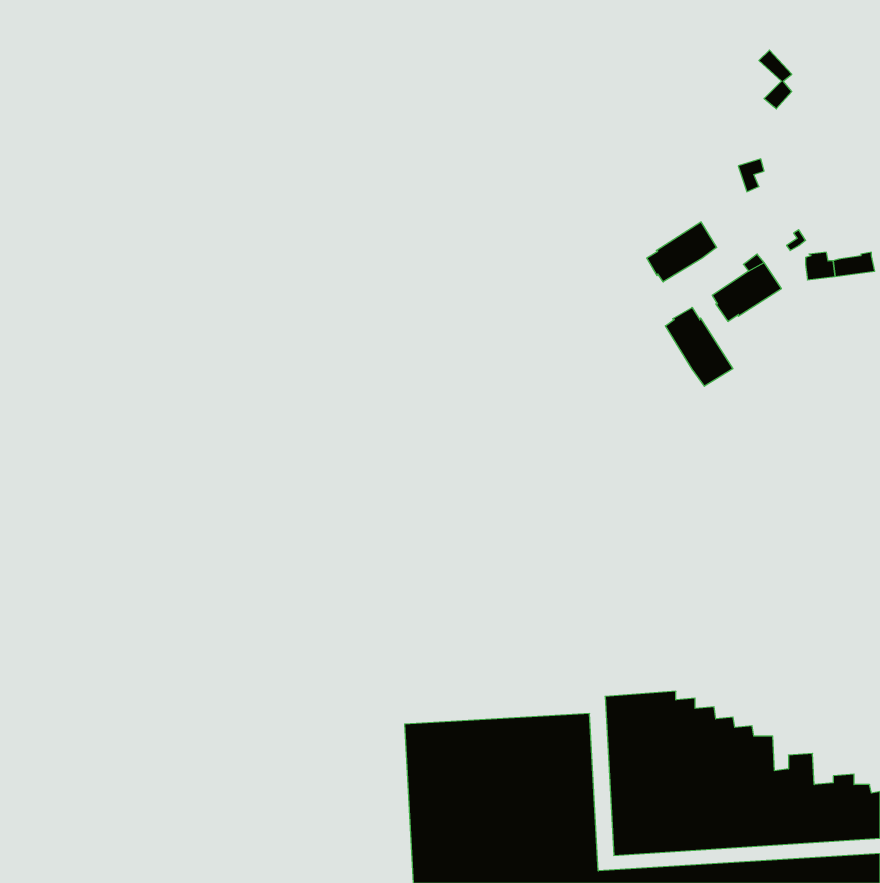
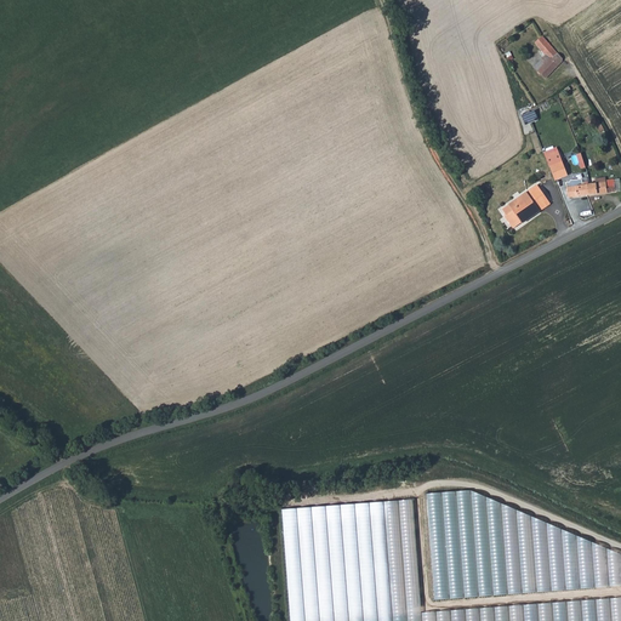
building: [647,222,717,282] -> none
building: [665,307,733,386] -> none

